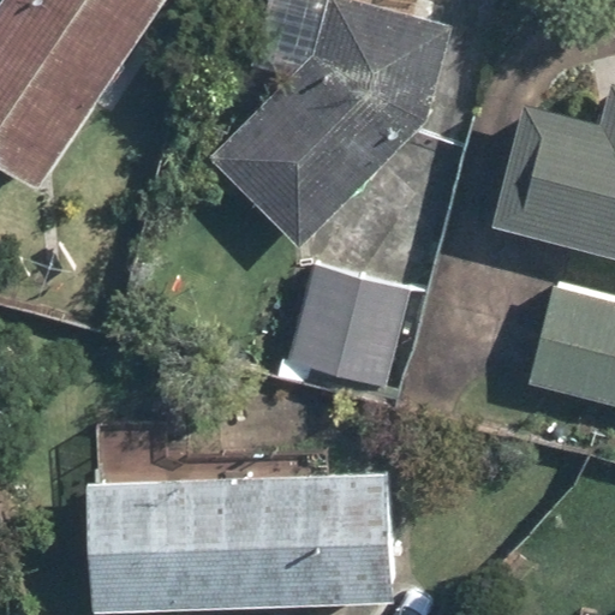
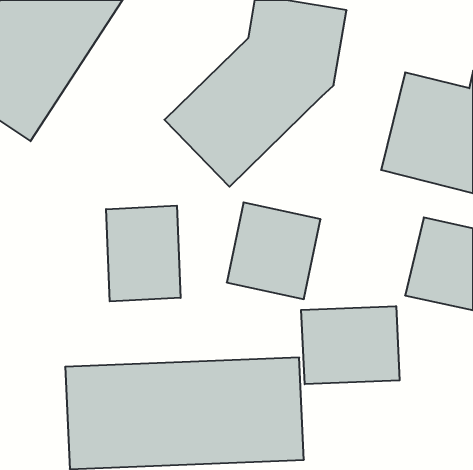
building: none -> [106,206,181,301]
building: none -> [301,306,400,384]

